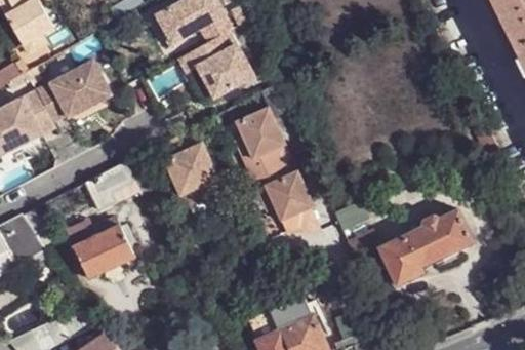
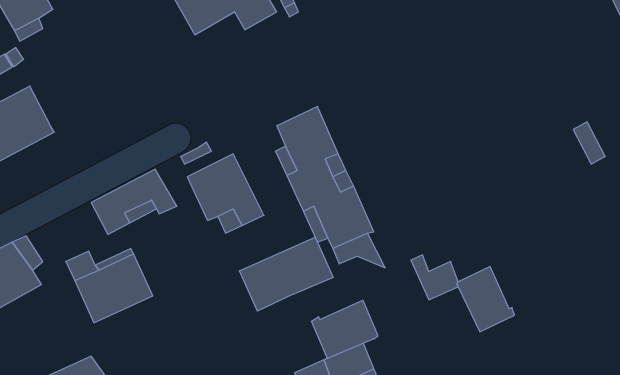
building: [178,33,253,98] -> none
building: [35,60,110,121] -> none
building: [404,208,473,268] -> none
building: none -> [239,237,333,311]
building: none -> [312,300,378,358]

